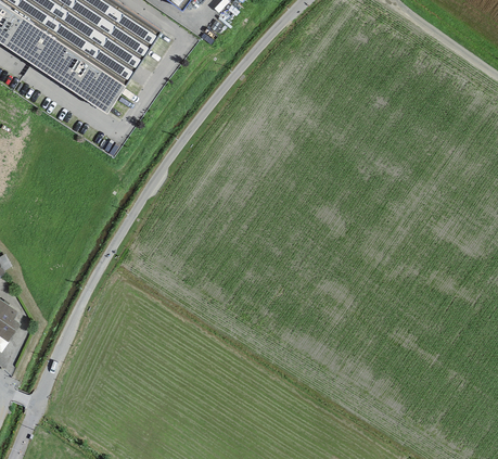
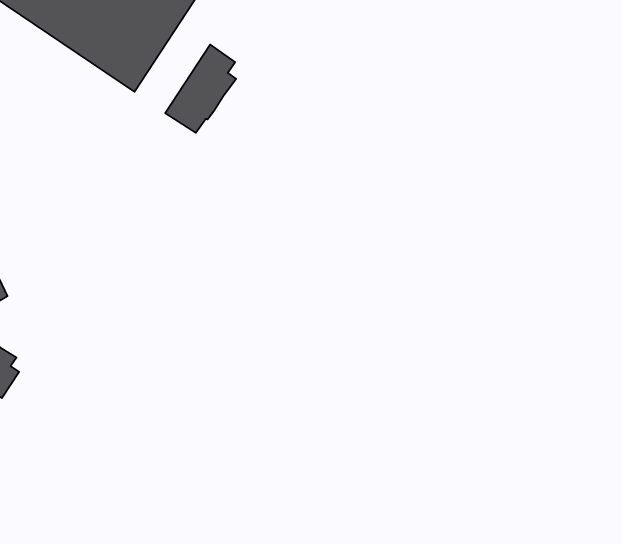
building: none -> [165,44,236,133]

